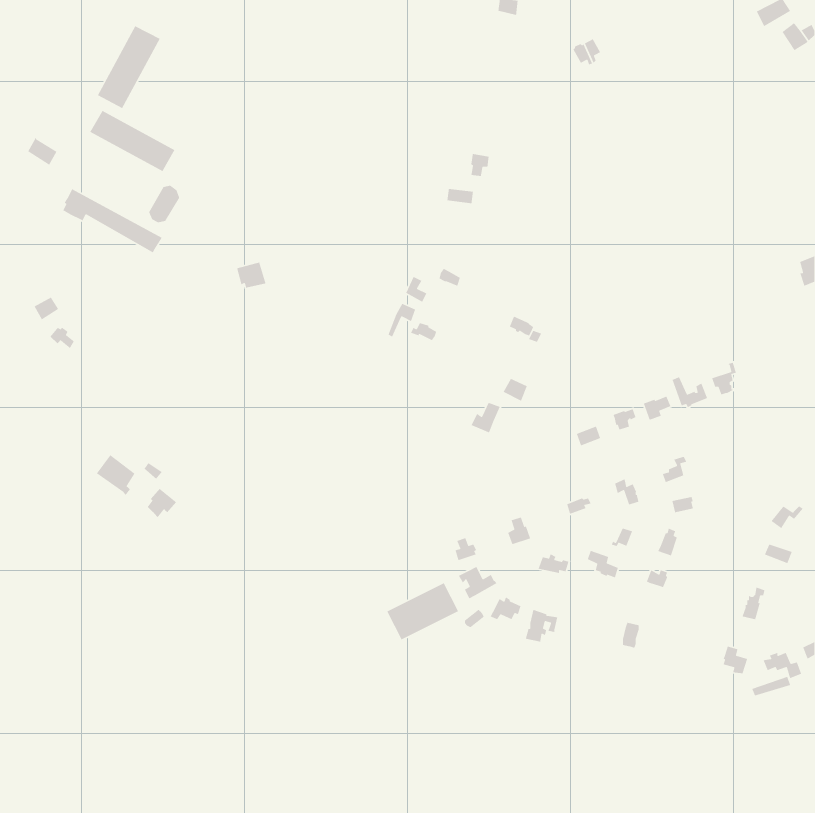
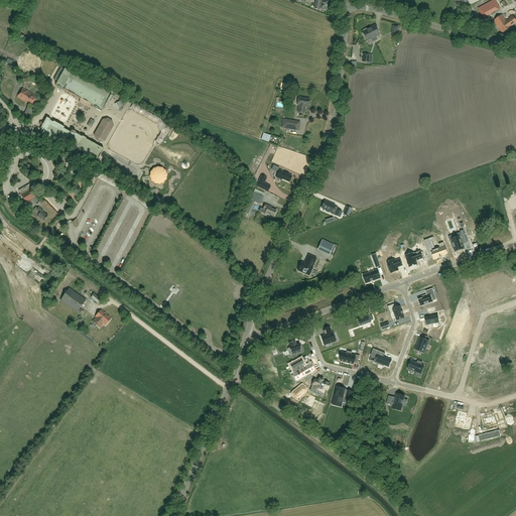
building: [97,25,161,109] -> none
building: [386,582,459,640] -> none

